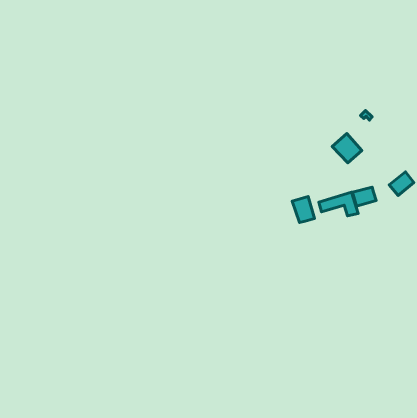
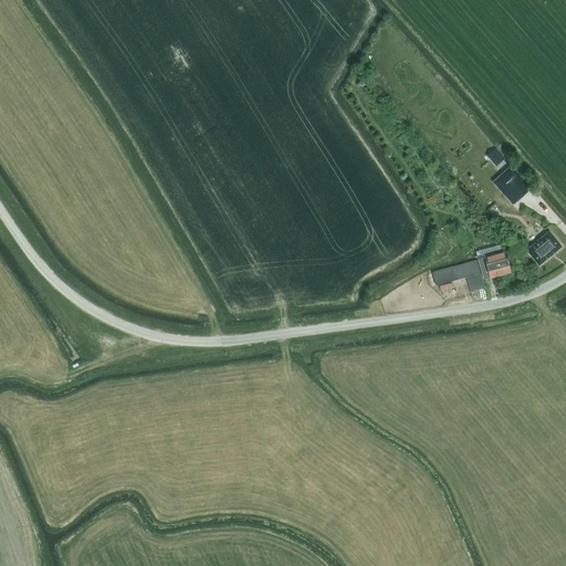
building: [332,133,362,163] -> [490,165,530,205]
building: [292,197,315,223] -> none

